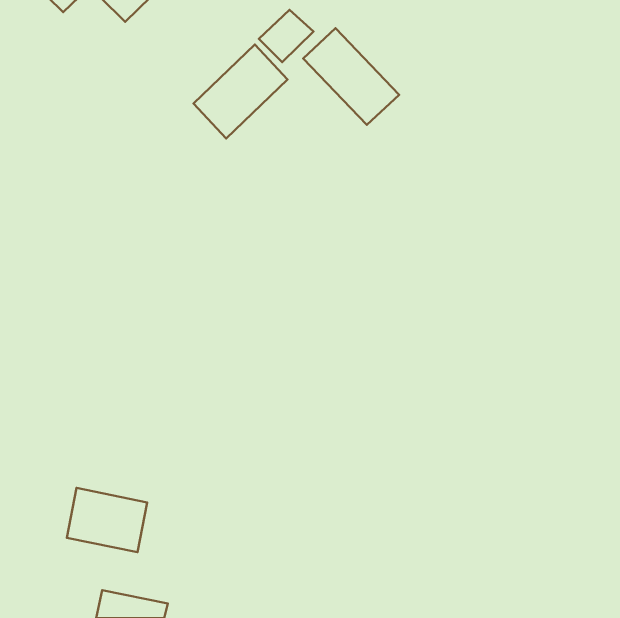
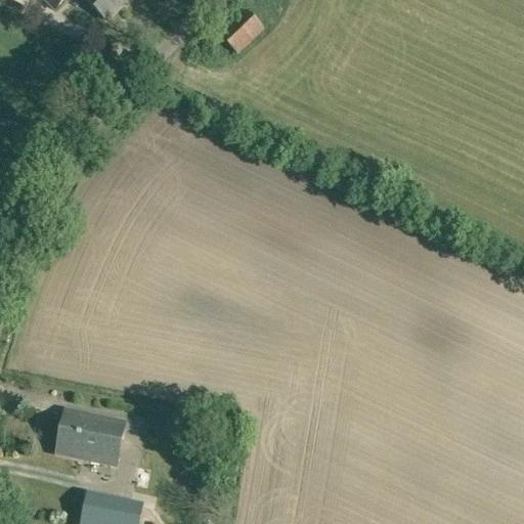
building: [303,28,399,125] -> none
building: [194,45,288,139] -> none

